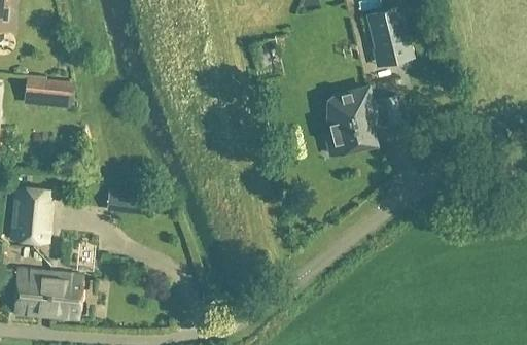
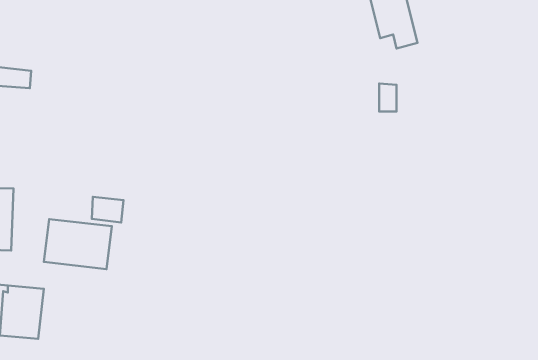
building: [325,88,376,153] -> none
building: none -> [44,219,112,269]

